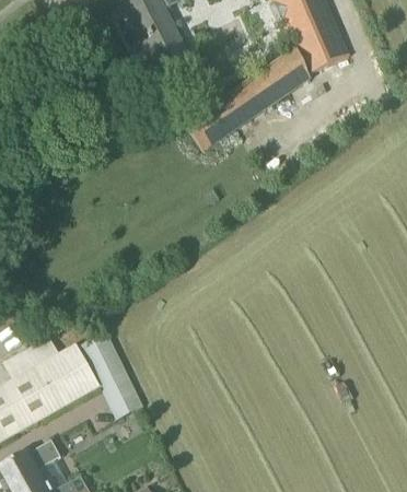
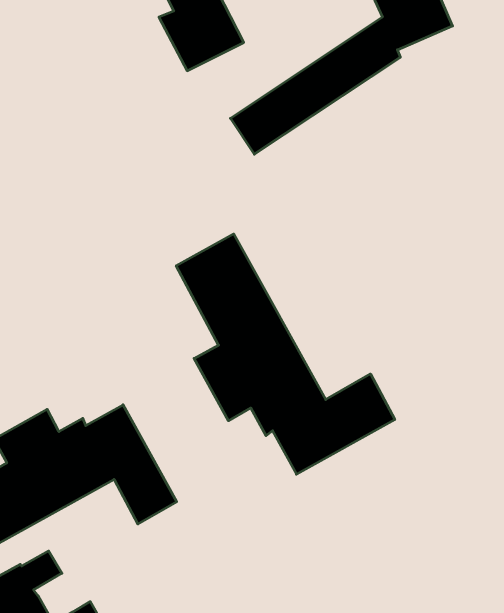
building: none -> [176,234,395,474]

